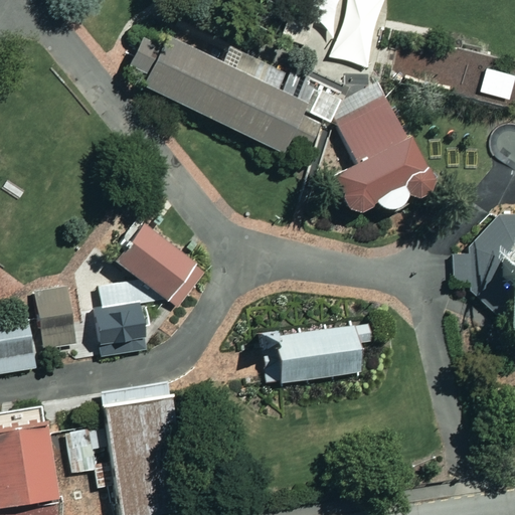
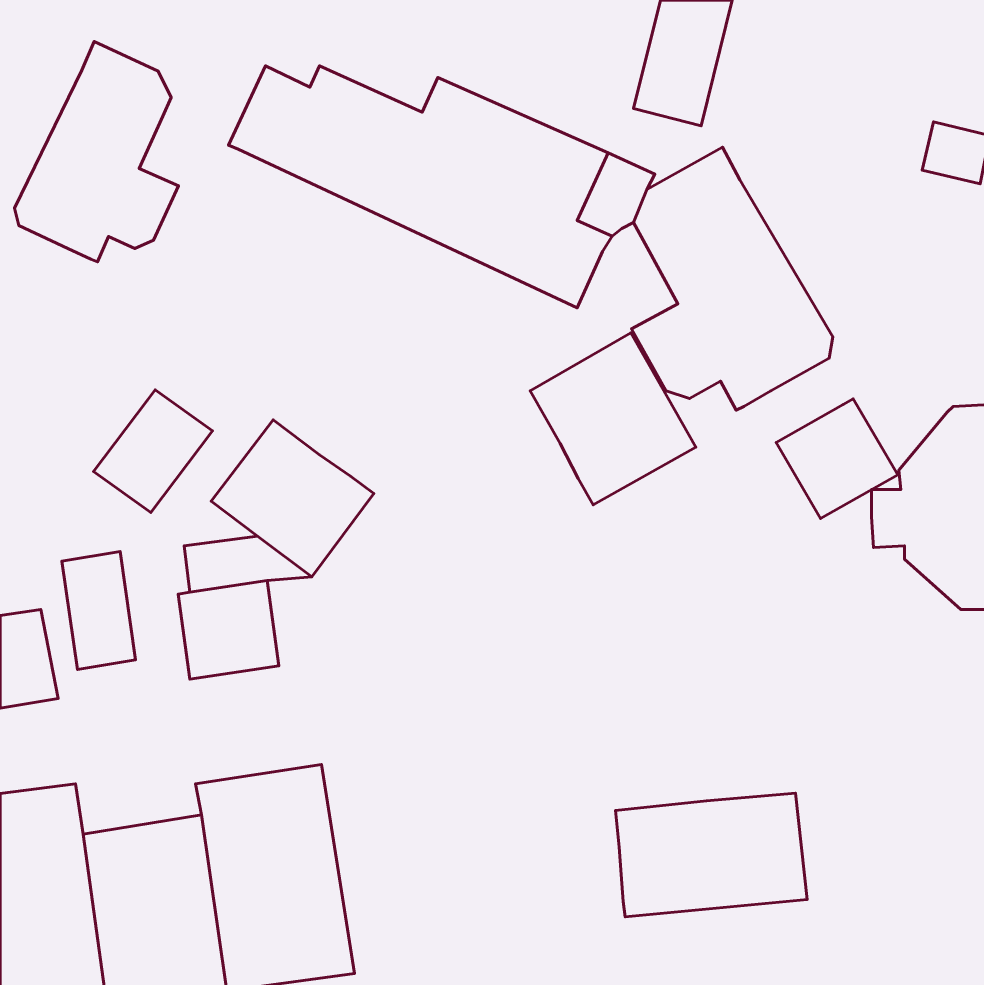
building: none -> [14,42,178,262]
building: none -> [530,333,696,505]
building: none -> [94,390,212,513]
building: none -> [776,399,898,518]
building: [263,321,362,385] -> [615,793,807,917]

